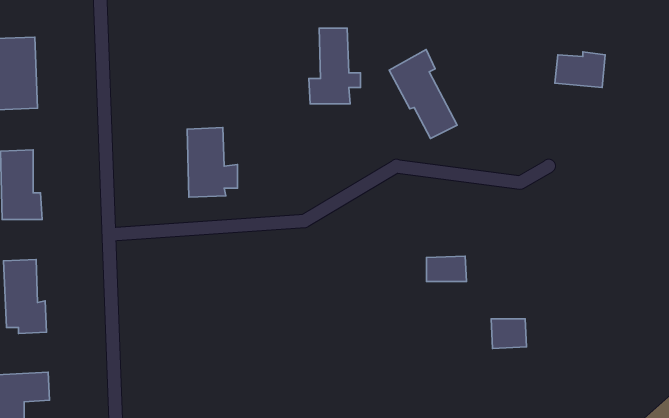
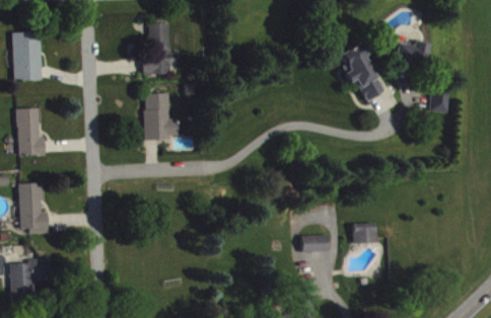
building: [309,28,361,104] -> [142,22,178,74]
building: [389,50,457,138] -> [337,39,383,100]
building: none -> [429,87,448,111]
building: [427,256,467,281] -> [301,234,329,251]

